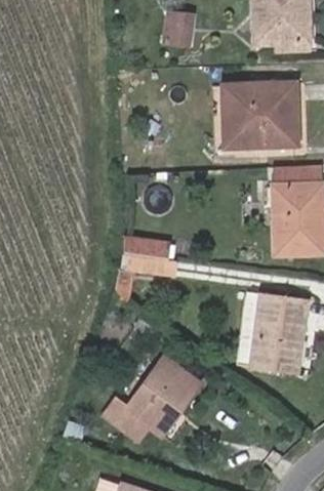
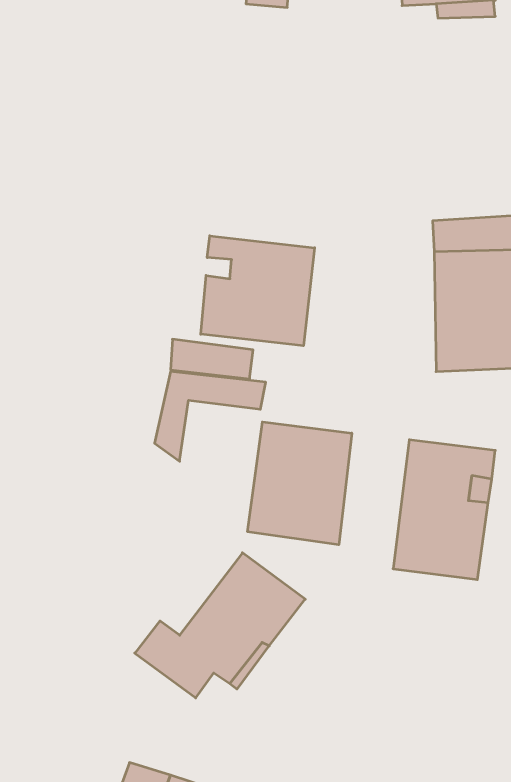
building: [222,84,296,148] -> none
building: none -> [201,236,315,346]
building: none -> [248,422,352,545]

